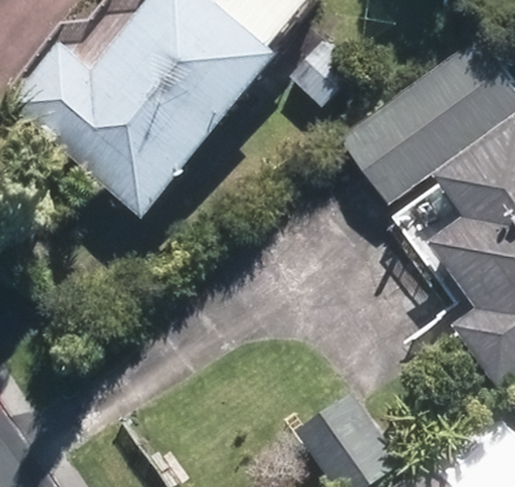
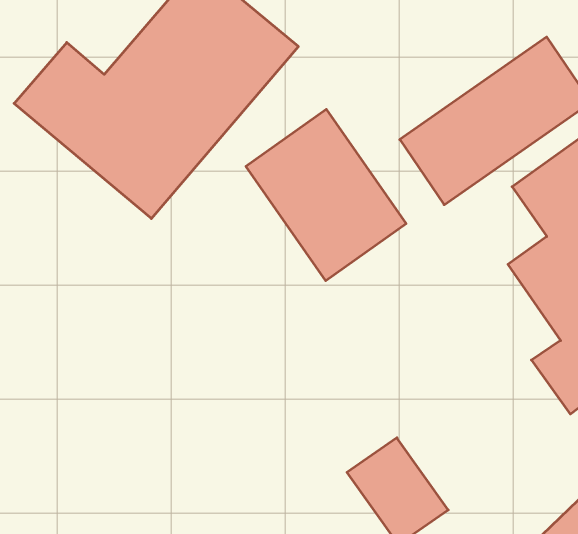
building: none -> [246,109,406,281]

